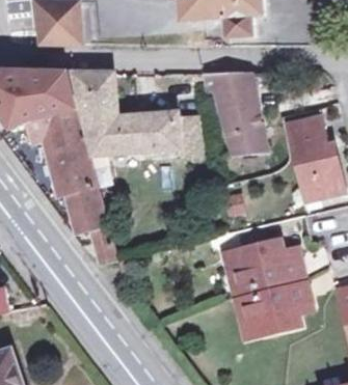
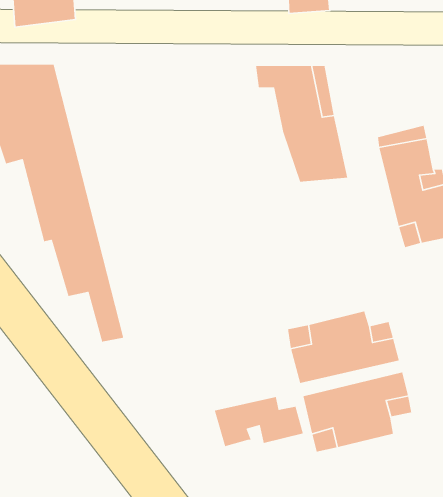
building: [71,73,197,156] -> none
building: none -> [214,396,304,447]

